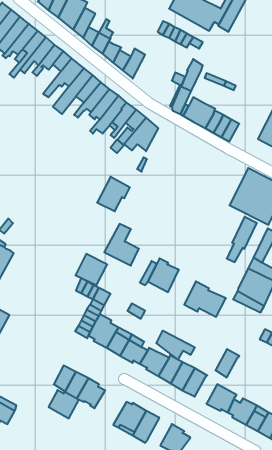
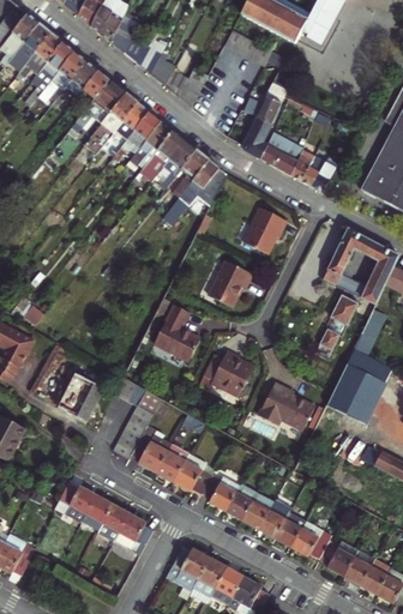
building: none -> [242,206,285,253]
building: [97,177,130,211] -> [206,259,251,306]
building: [75,254,107,285] -> [58,375,101,417]
building: [156,331,195,360] -> none
building: [215,349,239,377] -> [275,508,307,547]
building: [49,390,79,418] -> [56,482,97,520]
building: none -> [211,566,243,603]

